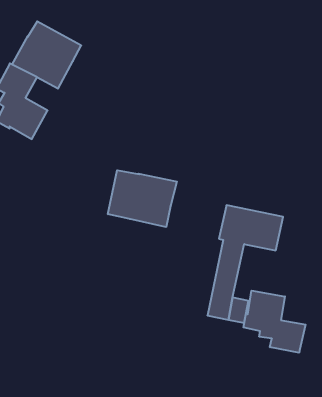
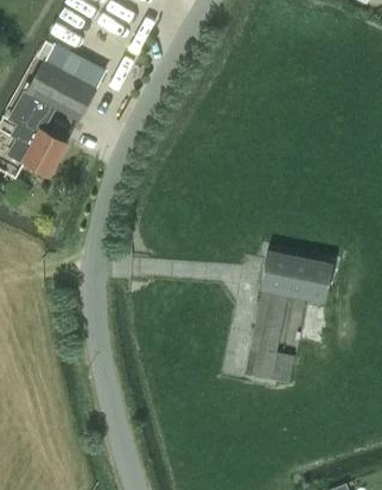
building: [108,170,177,227] -> none
building: [243,291,306,353] -> none

